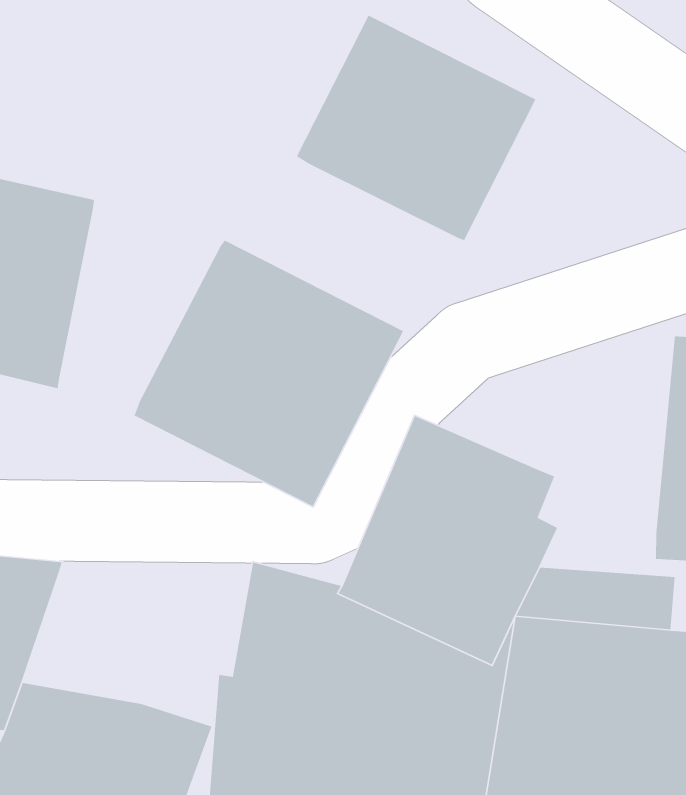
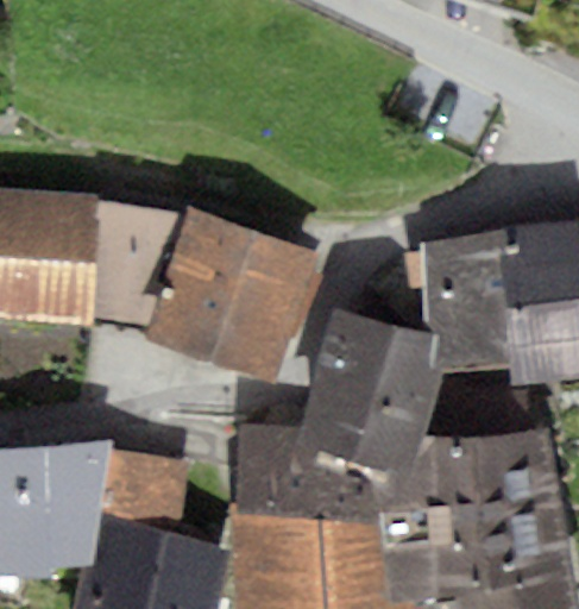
building: [296,14,537,241] -> none
building: none -> [92,202,187,327]
building: none -> [409,230,510,371]
building: none -> [96,452,188,532]

